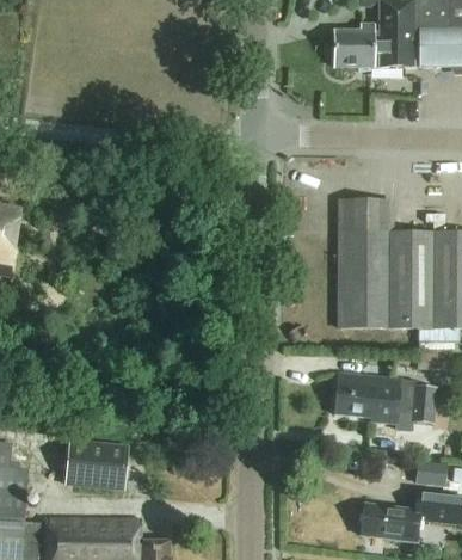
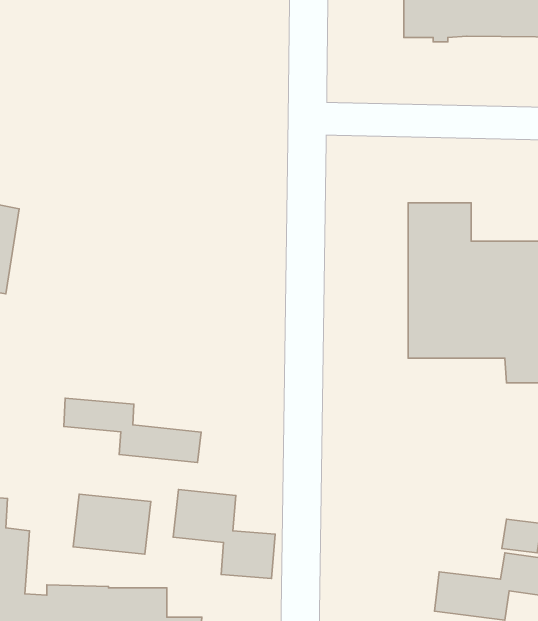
building: none -> [64,398,201,463]
building: [334,373,435,432] -> none
building: none -> [173,490,275,578]

